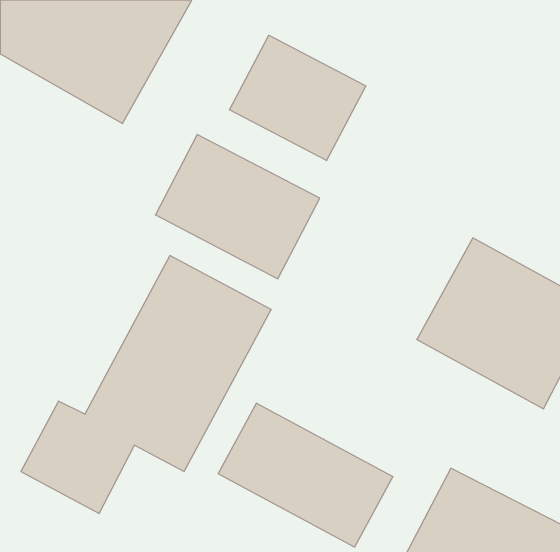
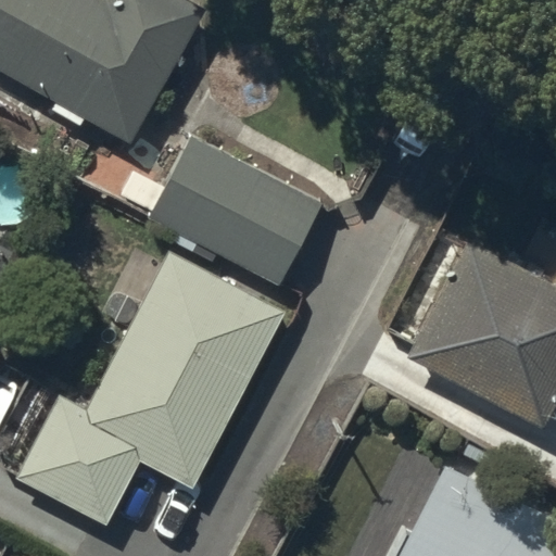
building: [230,35,366,161] -> none
building: [218,403,393,547] -> none

